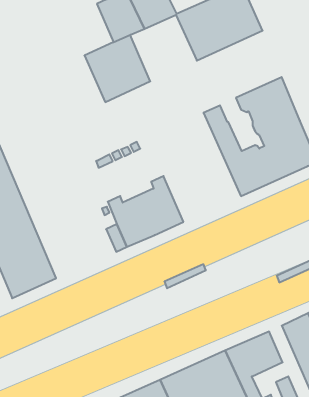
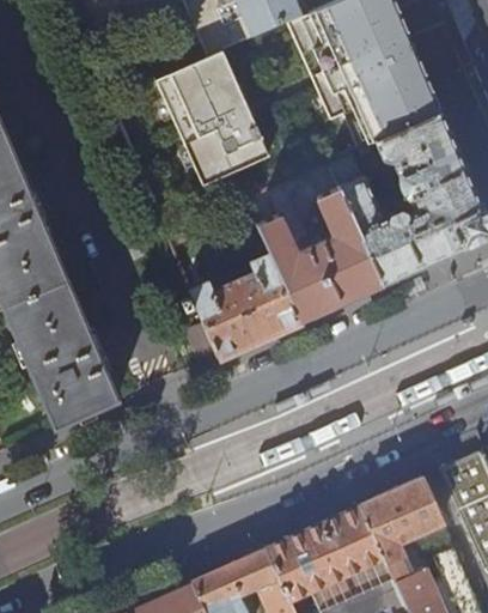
building: none -> [319,44,441,148]
building: none -> [188,117,269,186]
building: none -> [257,163,383,320]

